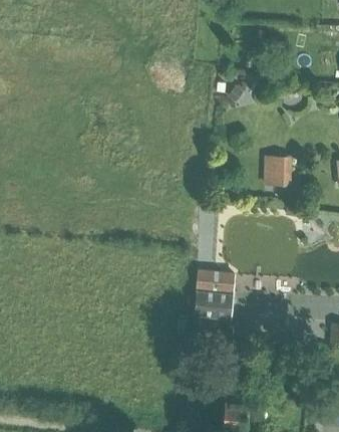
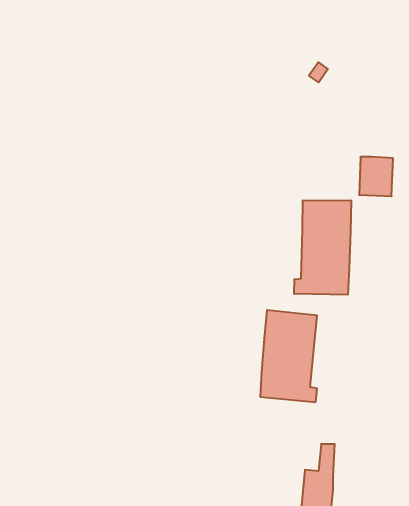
building: none -> [294,200,351,295]

